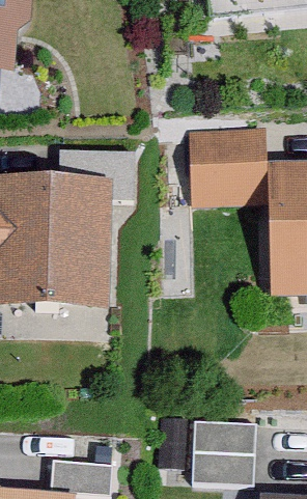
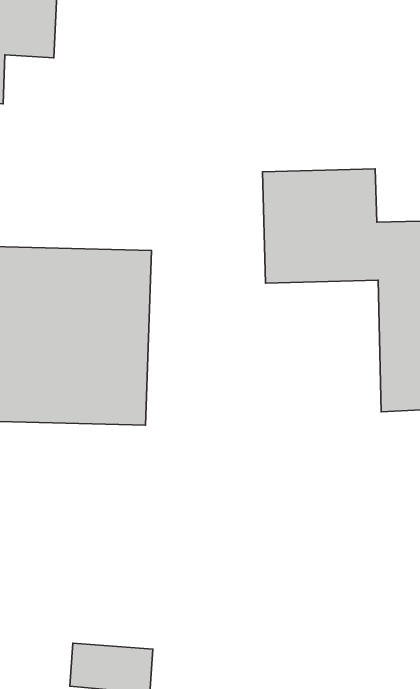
building: [190,419,254,484] -> none

